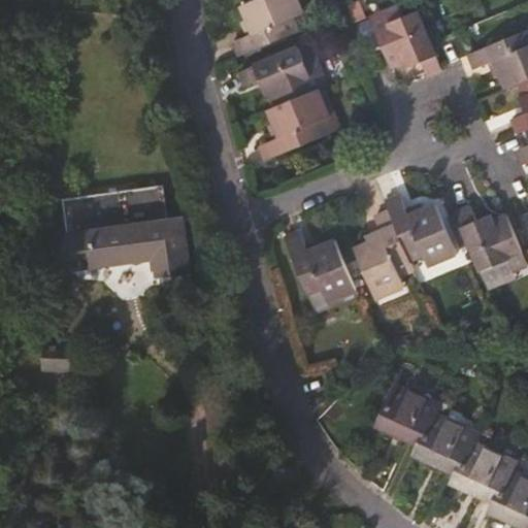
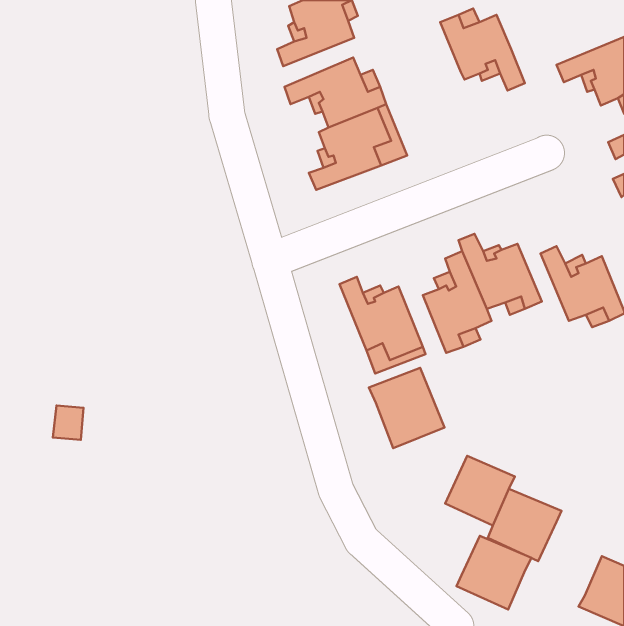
building: [66,187,191,270] -> none
building: none -> [369,368,445,448]
building: [449,439,512,501] -> [457,536,531,609]

